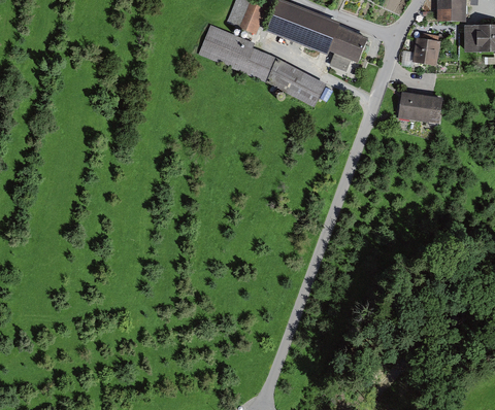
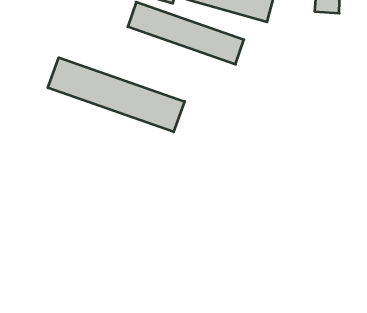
building: none -> [48,58,185,132]
building: [395,88,442,126] -> none

